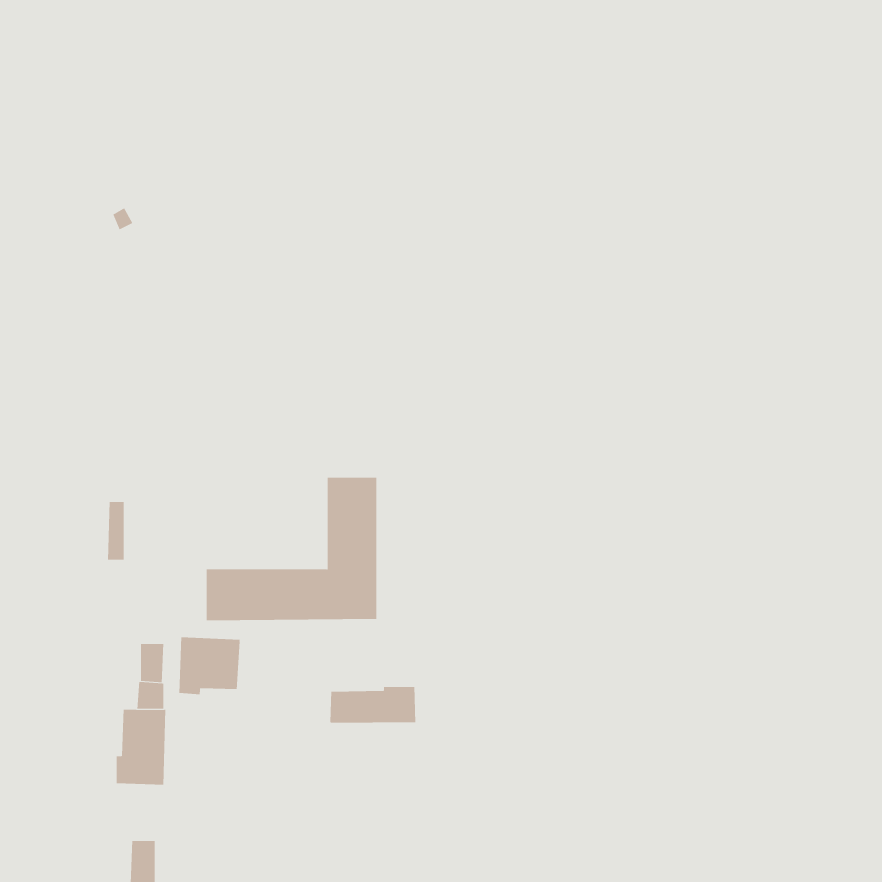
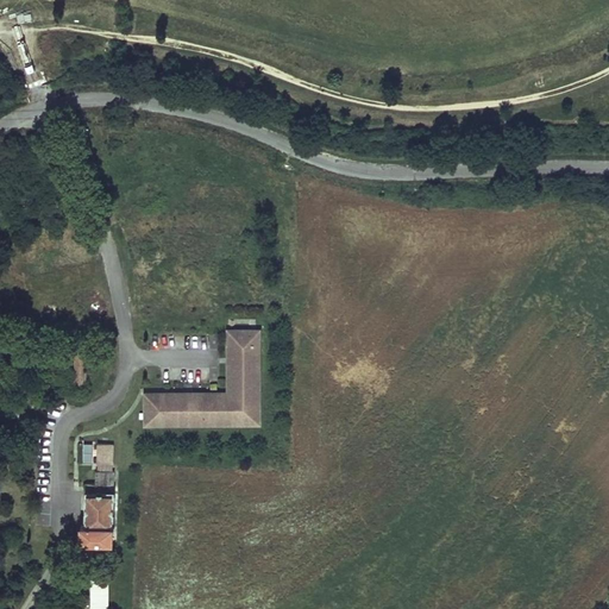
building: [179,636,240,695] -> none
building: [330,686,416,724] -> none

